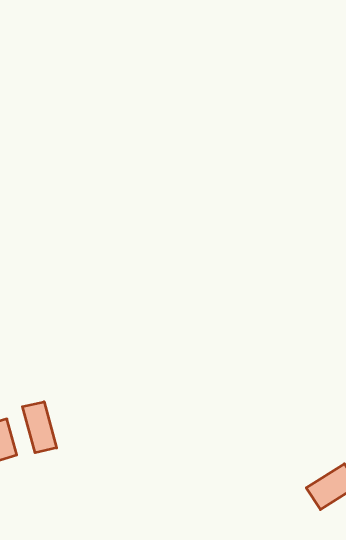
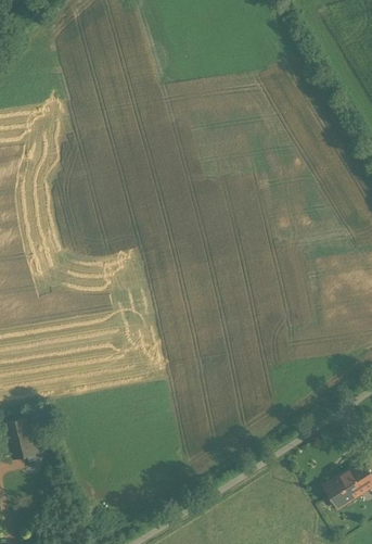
building: [22,402,57,453] -> none

